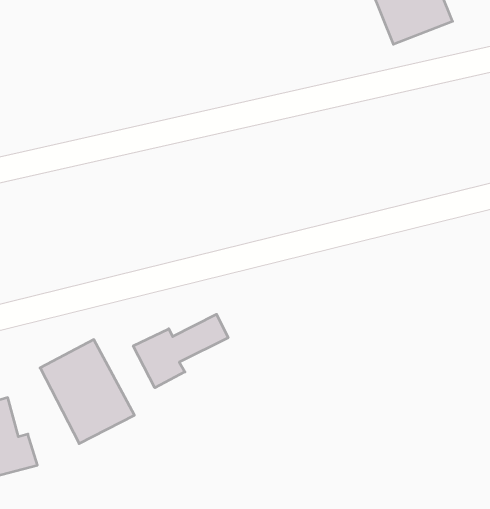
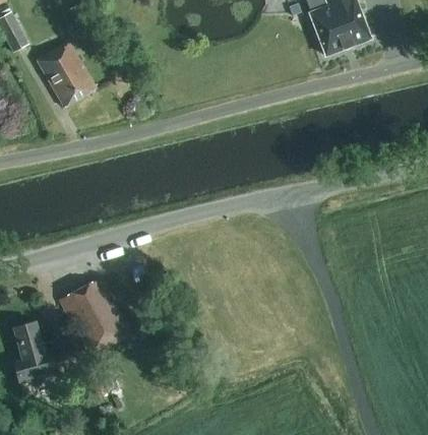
building: none -> [35,40,95,106]
building: [133,314,228,388] -> none

